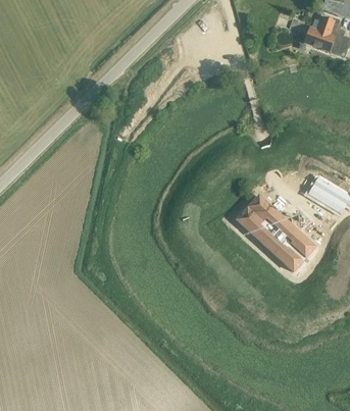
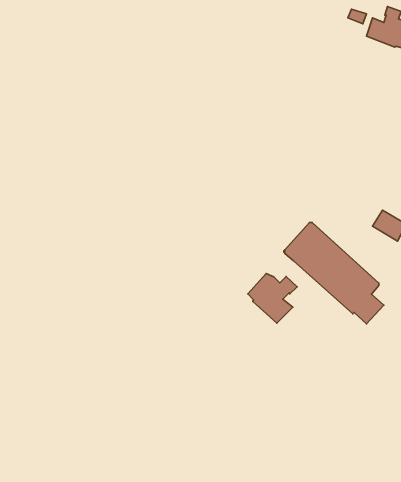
building: none -> [248,274,297,323]

